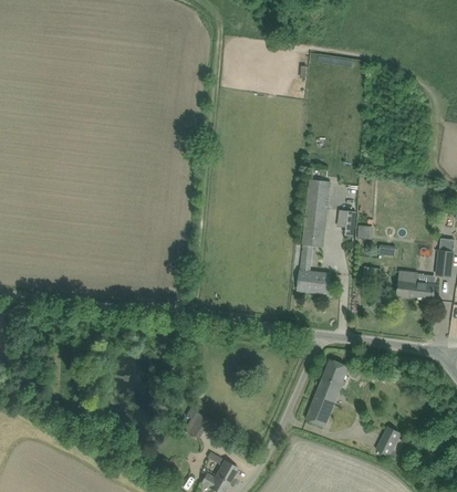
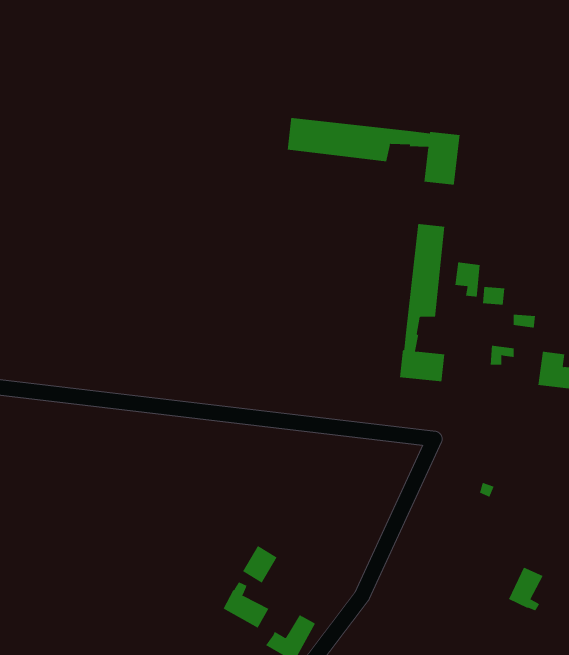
building: none -> [287,117,460,186]
building: [305,358,347,426] -> none
building: none -> [223,582,269,629]

